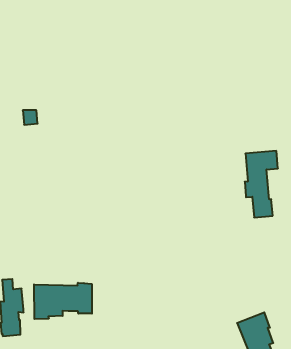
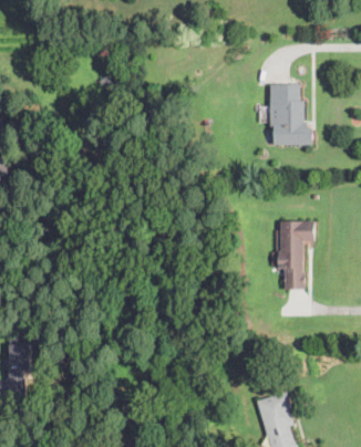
building: none -> [269,84,312,145]
building: [34,283,92,319] -> none

